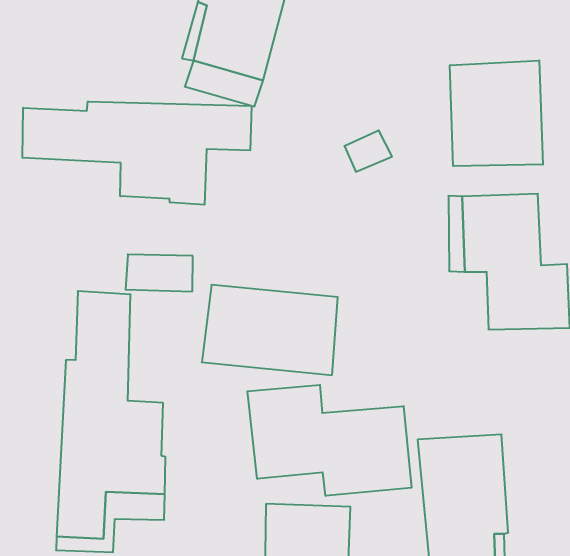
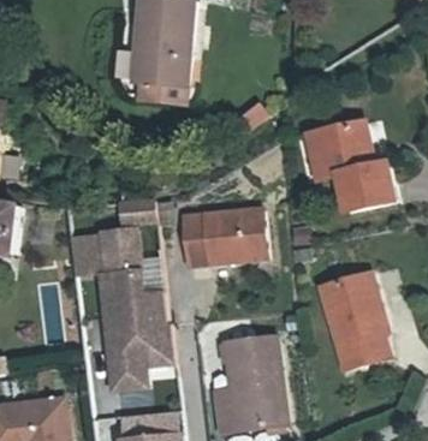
building: [450,60,543,166] -> none
building: [22,101,252,205] -> none
building: none -> [69,233,101,279]
building: [247,385,411,496] -> none

